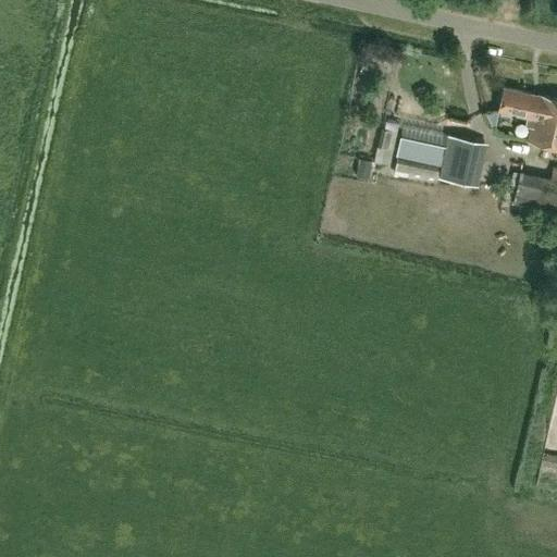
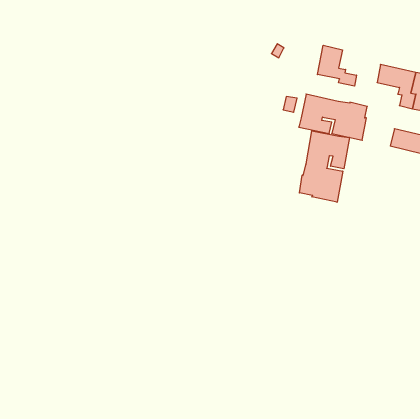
building: none -> [317,45,356,86]
building: none -> [299,131,350,202]

